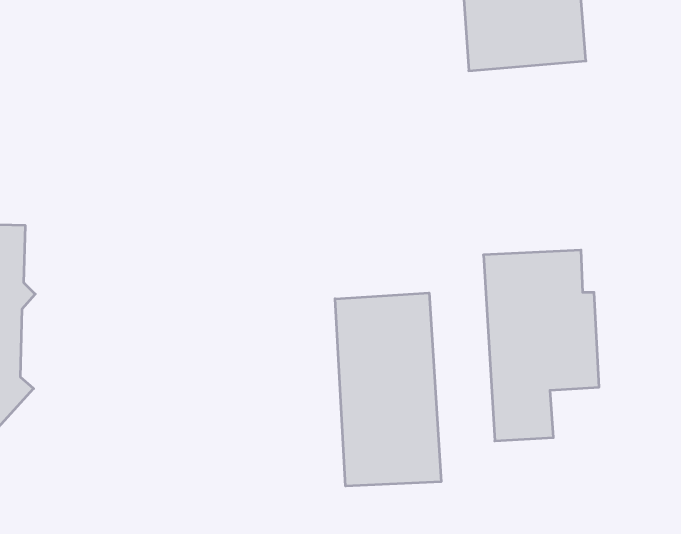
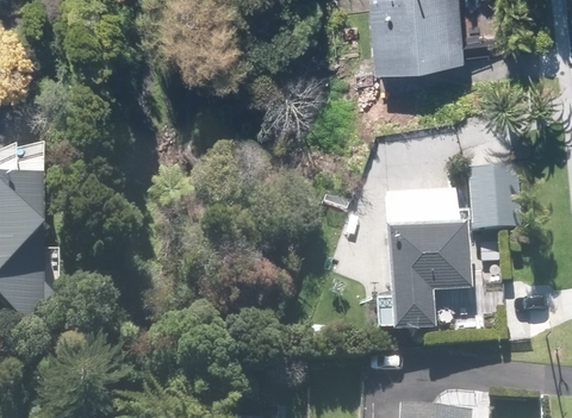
building: none -> [465,166,517,230]
building: [335,293,441,486] -> none

